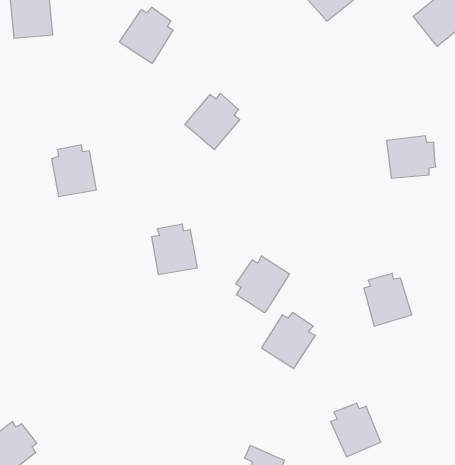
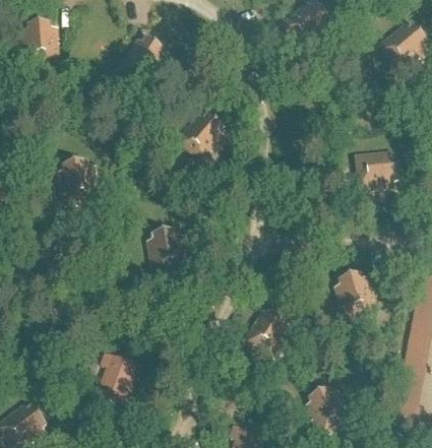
building: [236,256,289,313] -> none
building: none -> [98,350,136,398]

